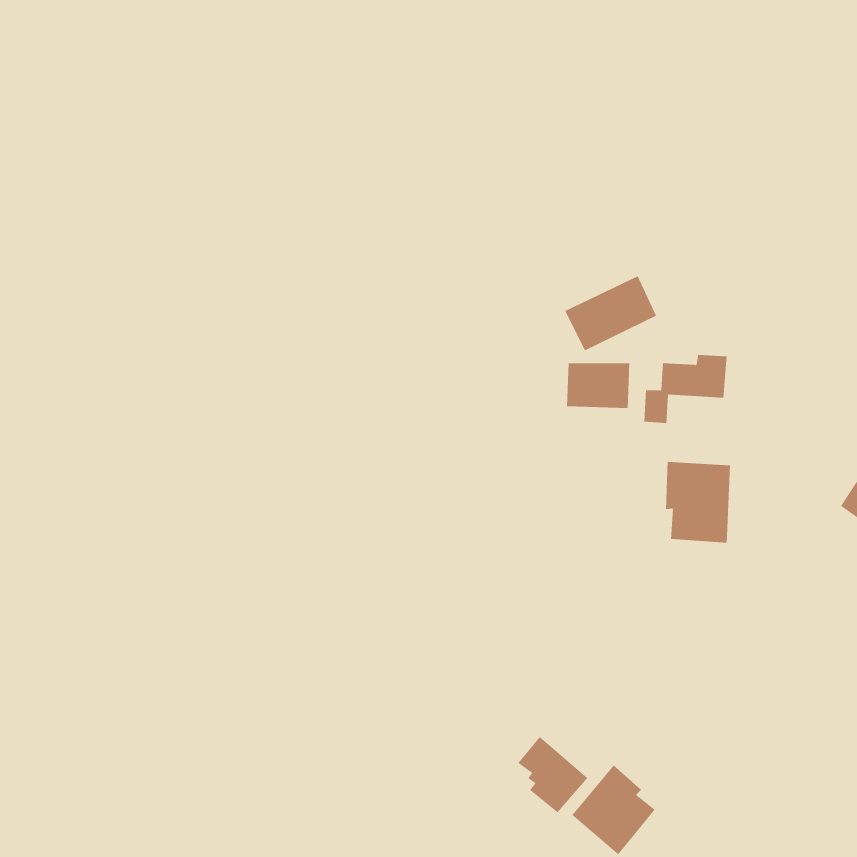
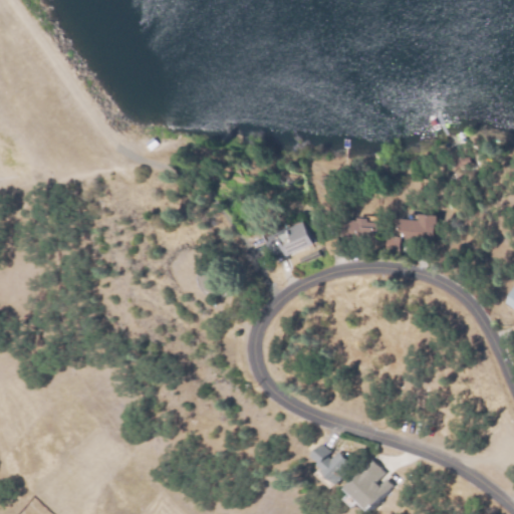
building: [564,276,657,351] -> [262,217,317,262]
building: [665,461,731,544] -> none

